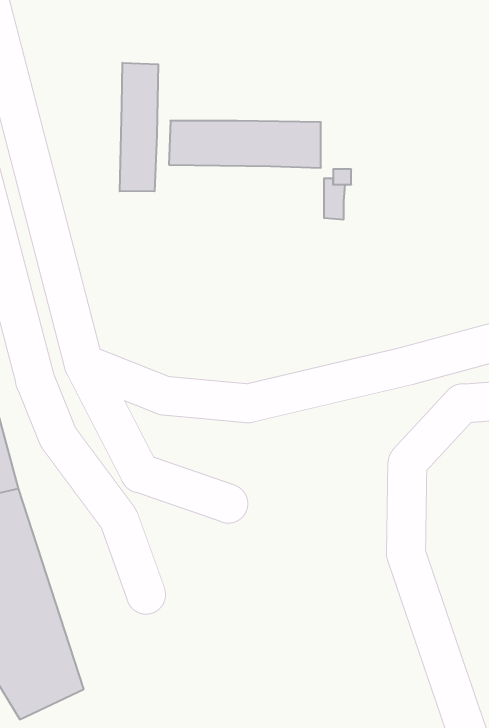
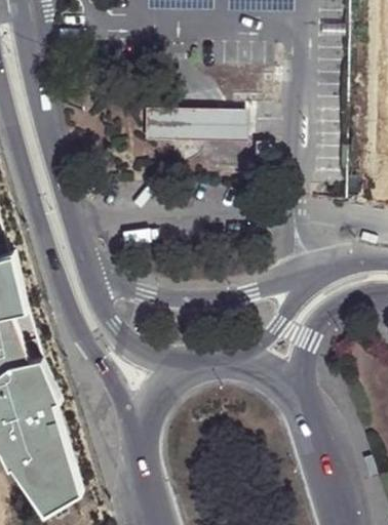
building: [120,63,158,191] -> none

